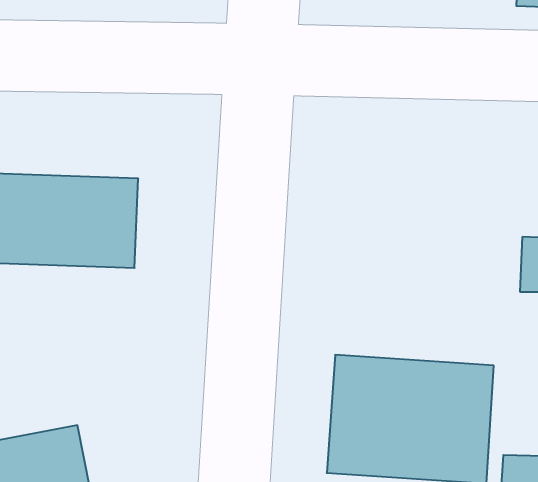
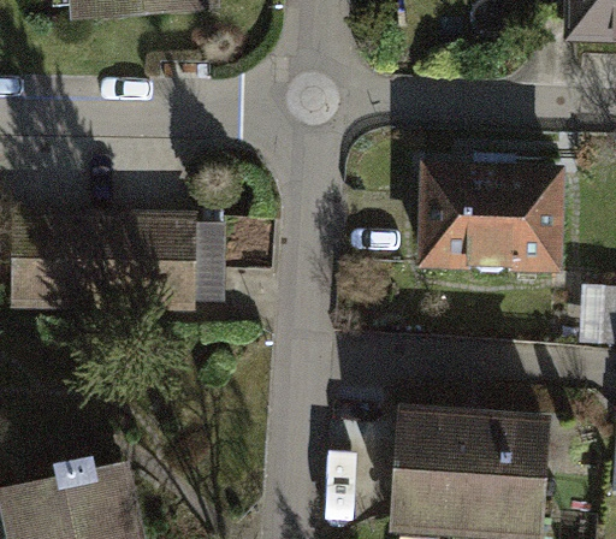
building: none -> [419,159,563,271]

